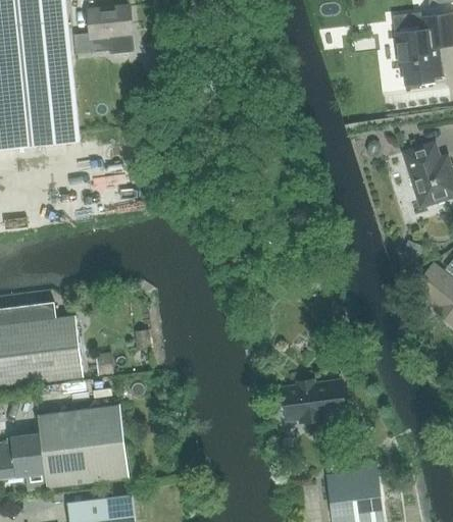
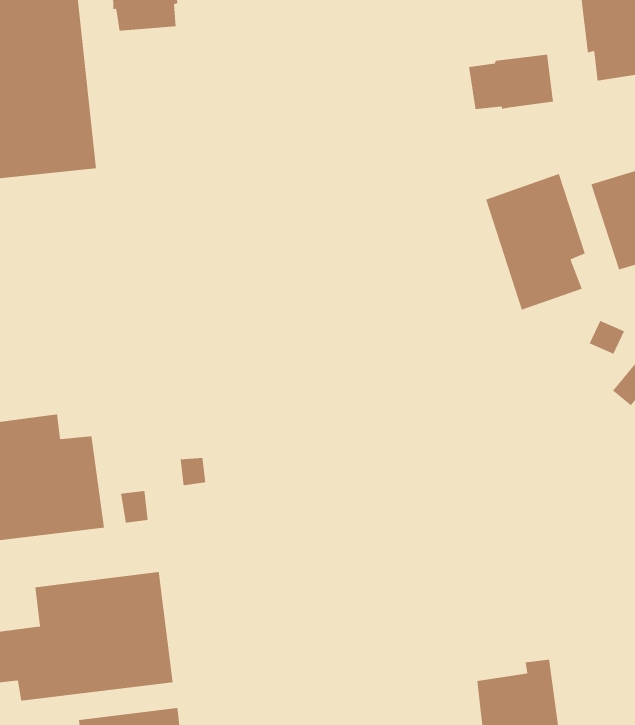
building: none -> [469,54,553,110]
building: none -> [485,173,586,310]
building: [280,378,347,425] -> none

